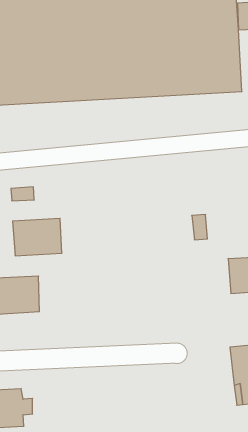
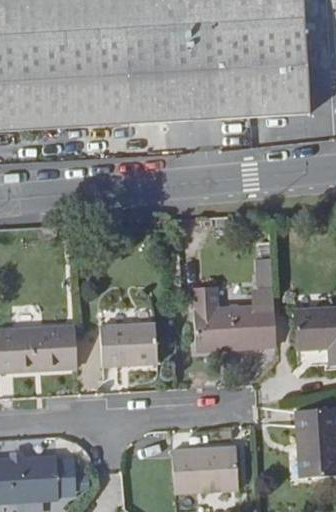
building: [13,218,62,256] -> [100,324,157,367]
building: none -> [193,288,276,352]
building: none -> [172,448,237,493]

